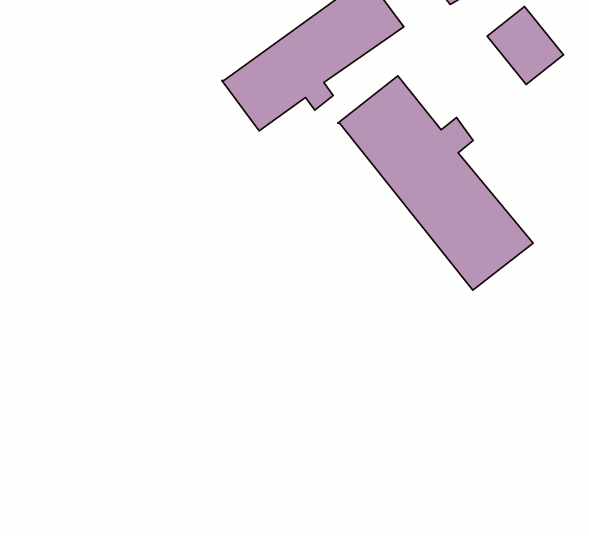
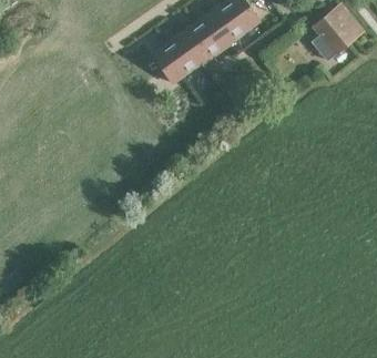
building: [338,76,533,290] -> none

